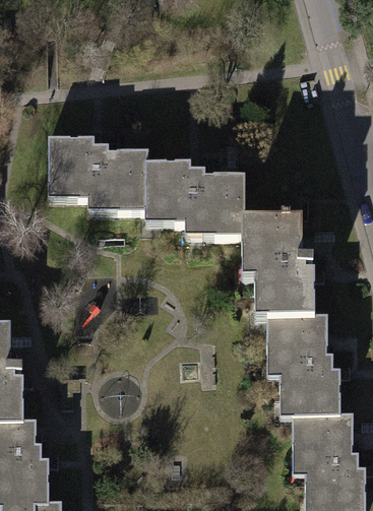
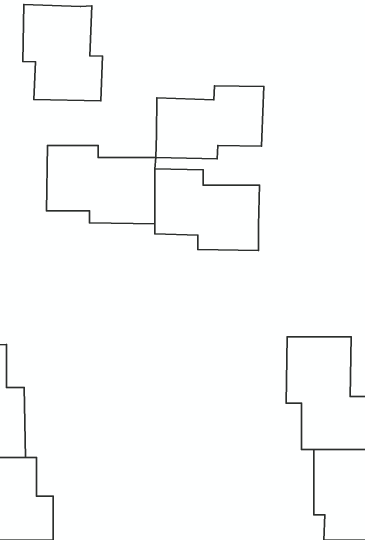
building: none -> [23,5,102,101]
building: none -> [156,86,264,159]
building: [241,210,318,313] -> none

